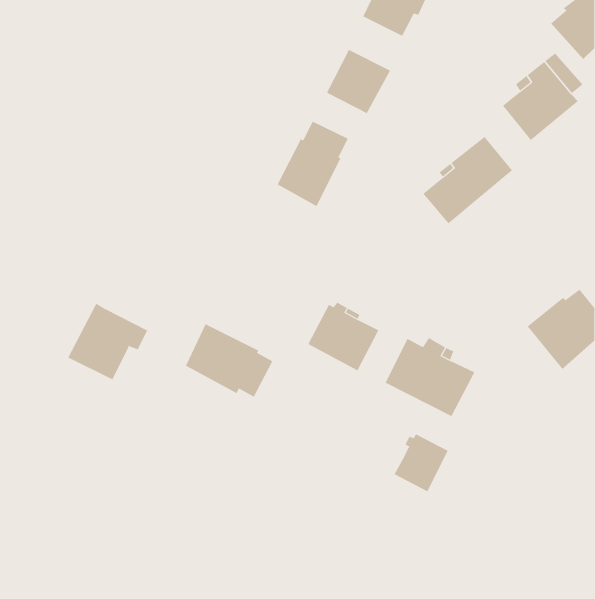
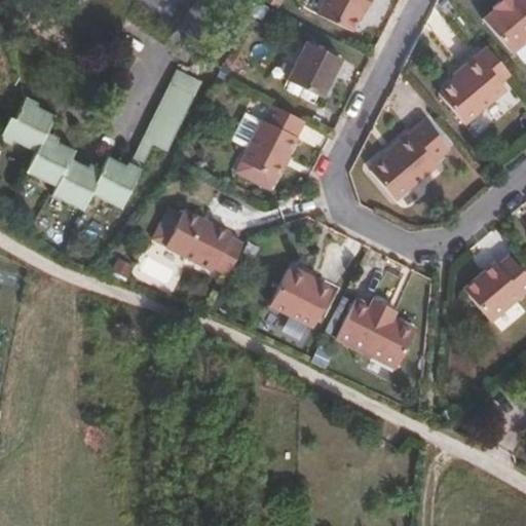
building: none -> [6,73,203,213]
building: [68,303,148,380] -> none
building: [185,323,273,397] -> [165,209,242,273]
building: [394,434,449,492] -> none

